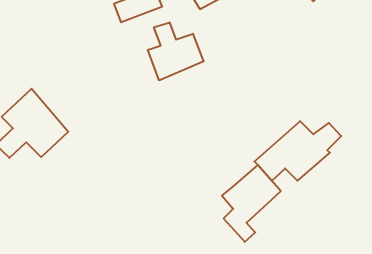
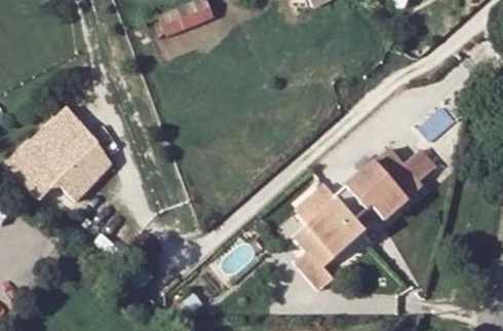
building: [148,22,204,80] -> none
building: none -> [292,183,336,225]

